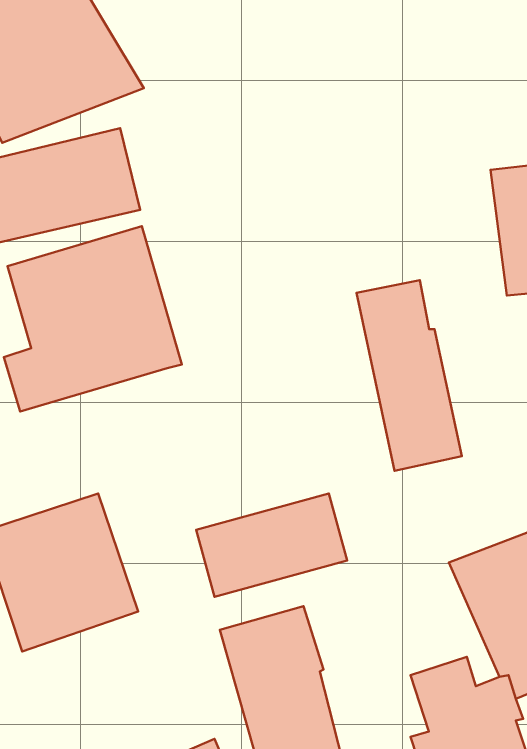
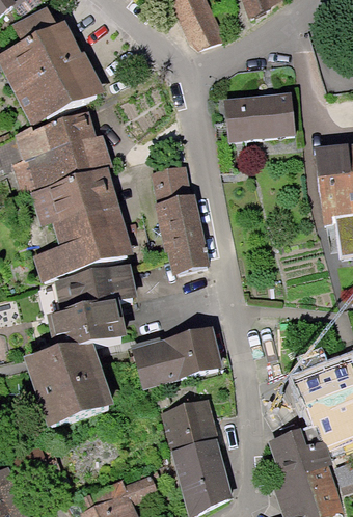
building: none -> [227,97,303,152]
building: [356,280,462,471] -> [147,164,208,273]
building: none -> [50,262,133,336]

